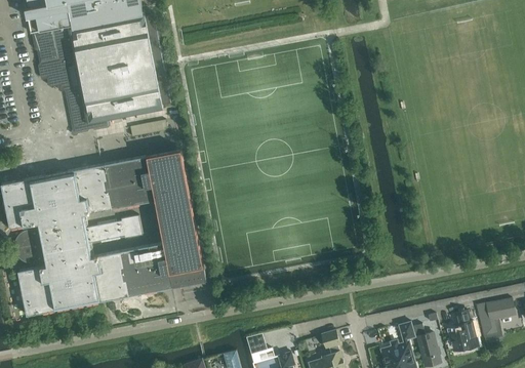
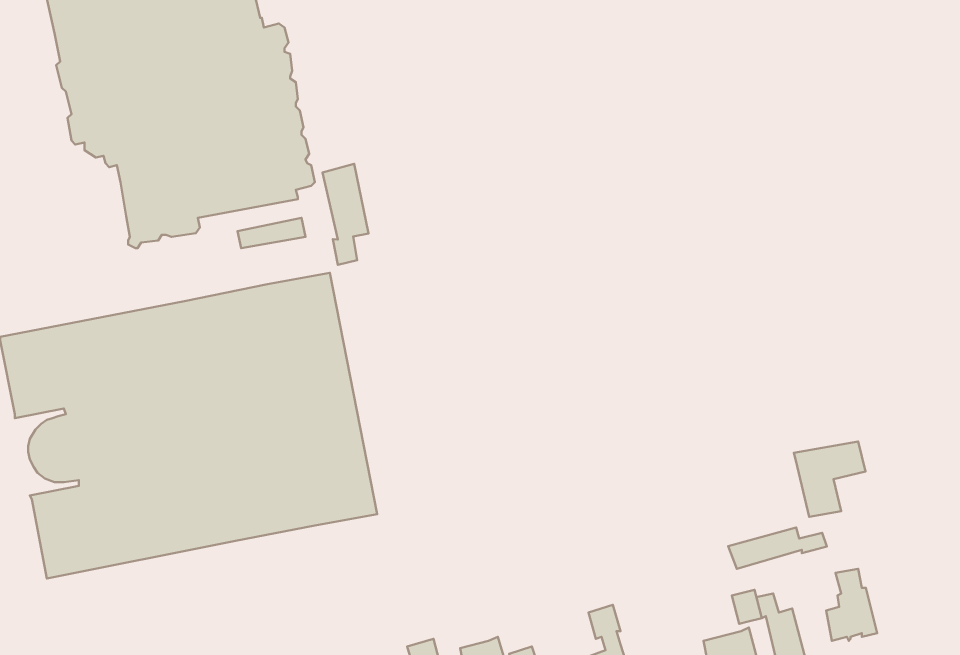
building: none -> [322,164,369,265]
building: none -> [728,527,827,569]
building: [475,298,514,339] -> [794,441,866,517]

